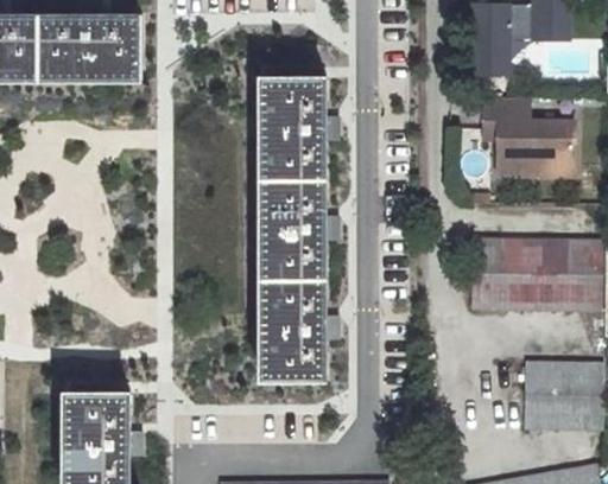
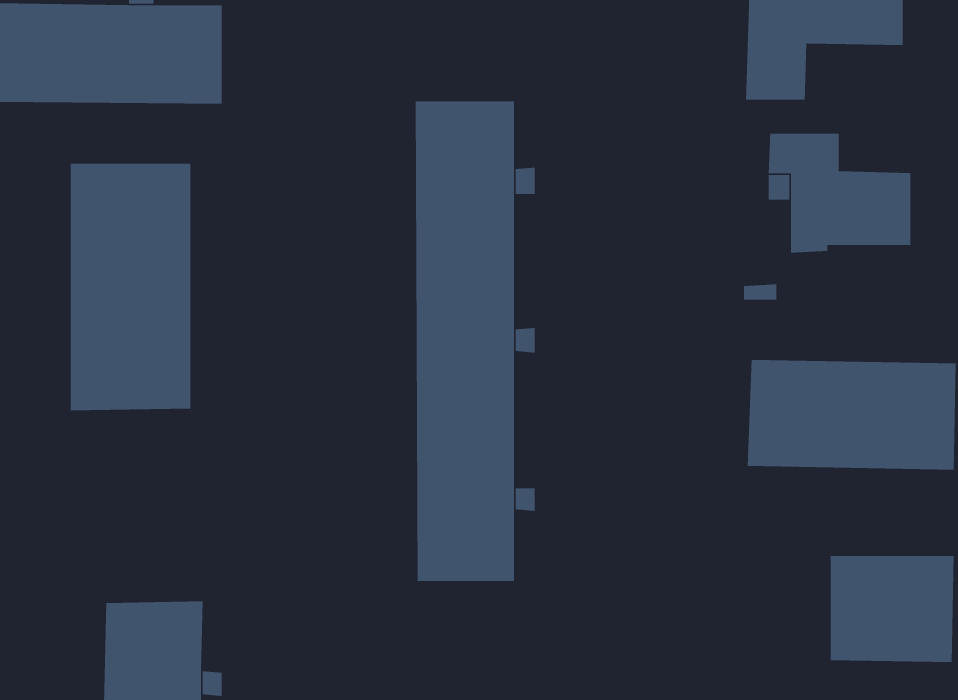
building: none -> [70,163,191,411]

